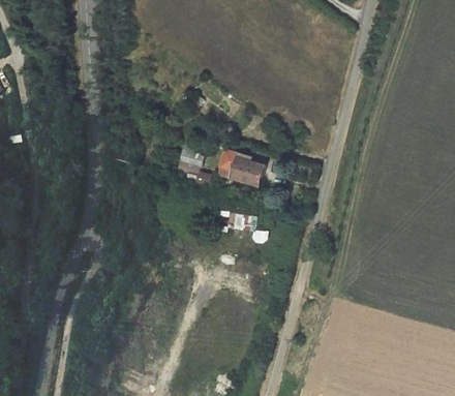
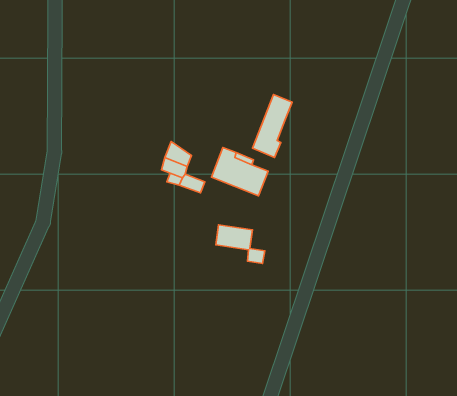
building: none -> [252,95,292,158]

